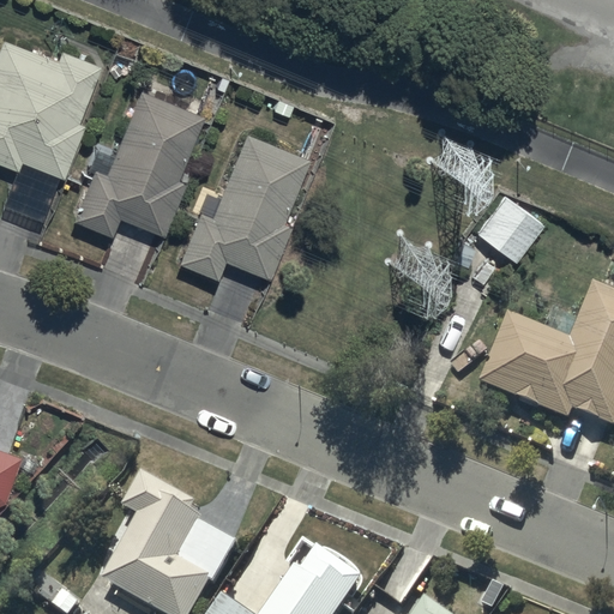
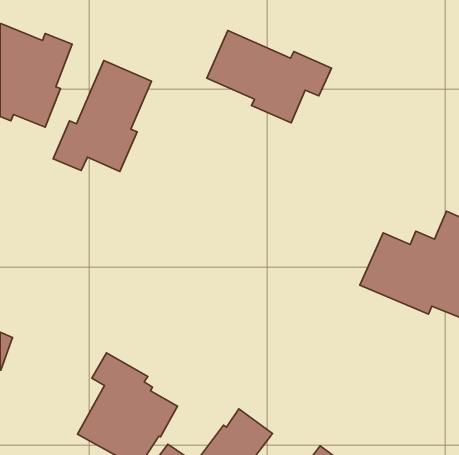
building: none -> [207,30,331,123]
building: [177,133,311,281] -> none
building: [476,195,543,263] -> none

